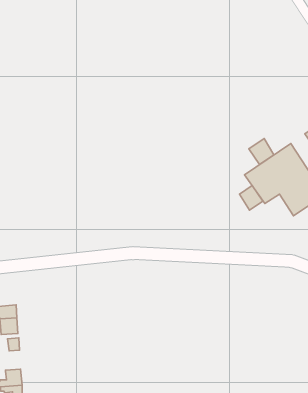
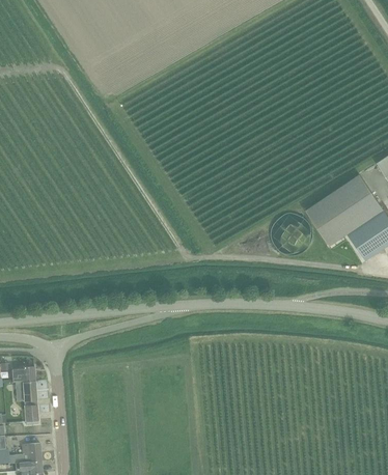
building: [249,139,274,165] -> none
building: [240,186,263,210] -> none

